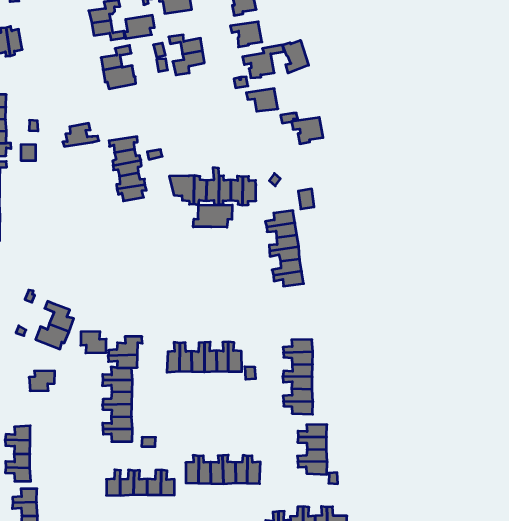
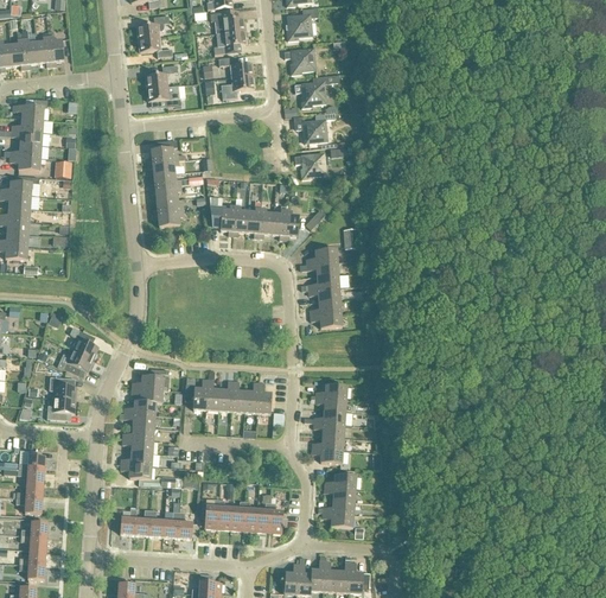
building: [124,15,154,39] -> [213,30,245,52]
building: [283,40,309,73] -> none
building: [291,117,323,144] -> [294,152,326,178]
building: [63,123,99,146] -> [147,139,185,161]
building: [193,205,232,227] -> none
building: [81,332,106,353] -> [49,375,76,399]

